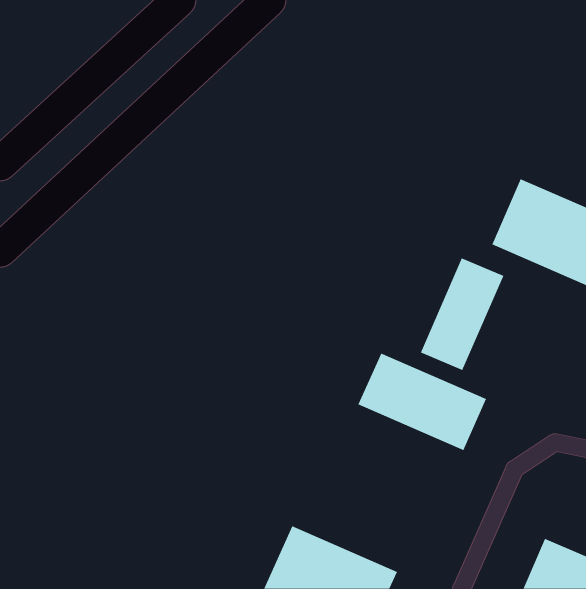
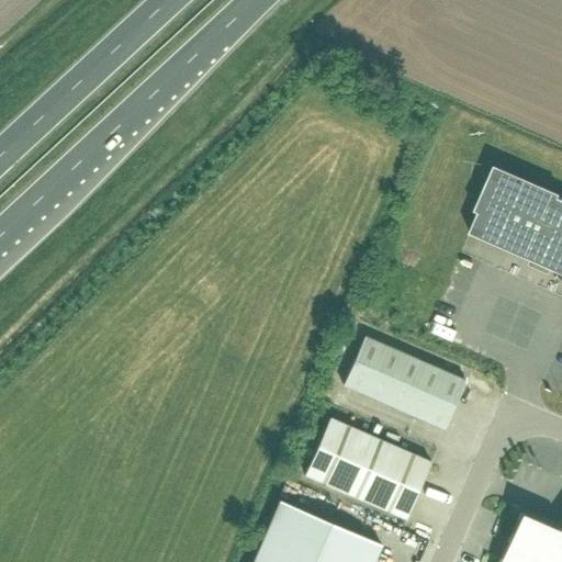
building: [420,258,504,371] -> none
building: none -> [305,418,431,519]

